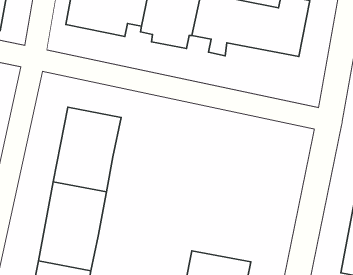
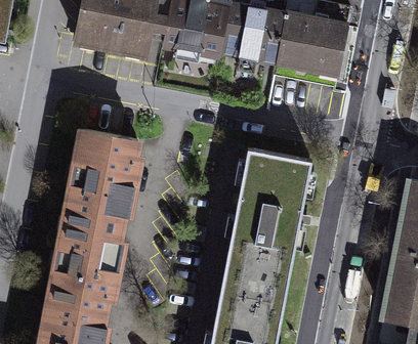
building: none -> [219,149,311,303]

